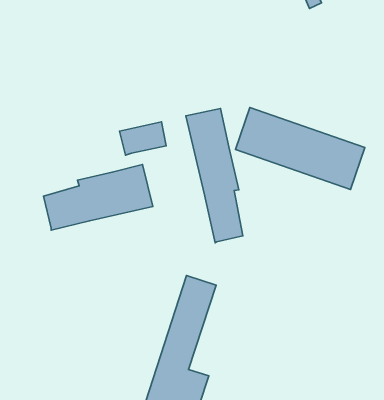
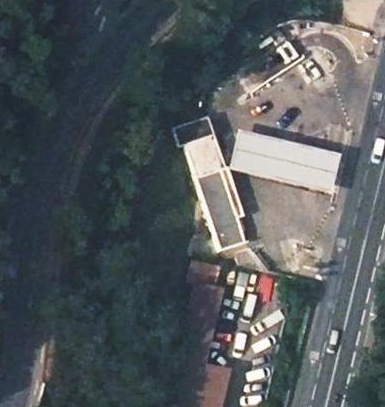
building: [119,122,166,155] -> [175,115,216,146]
building: [44,164,153,230] -> none

